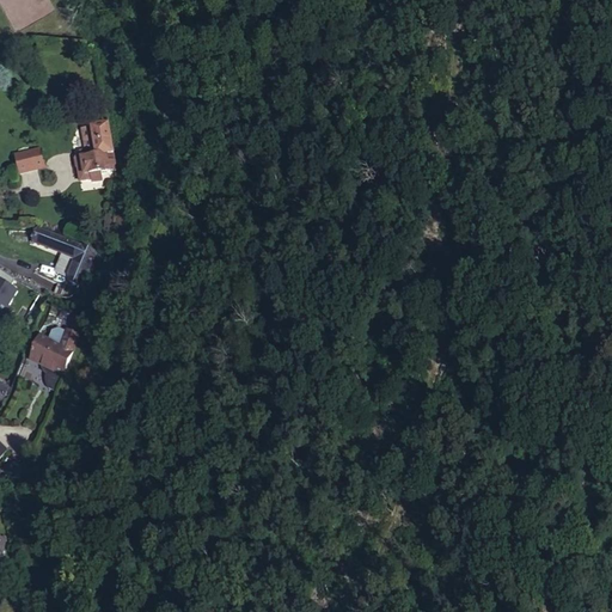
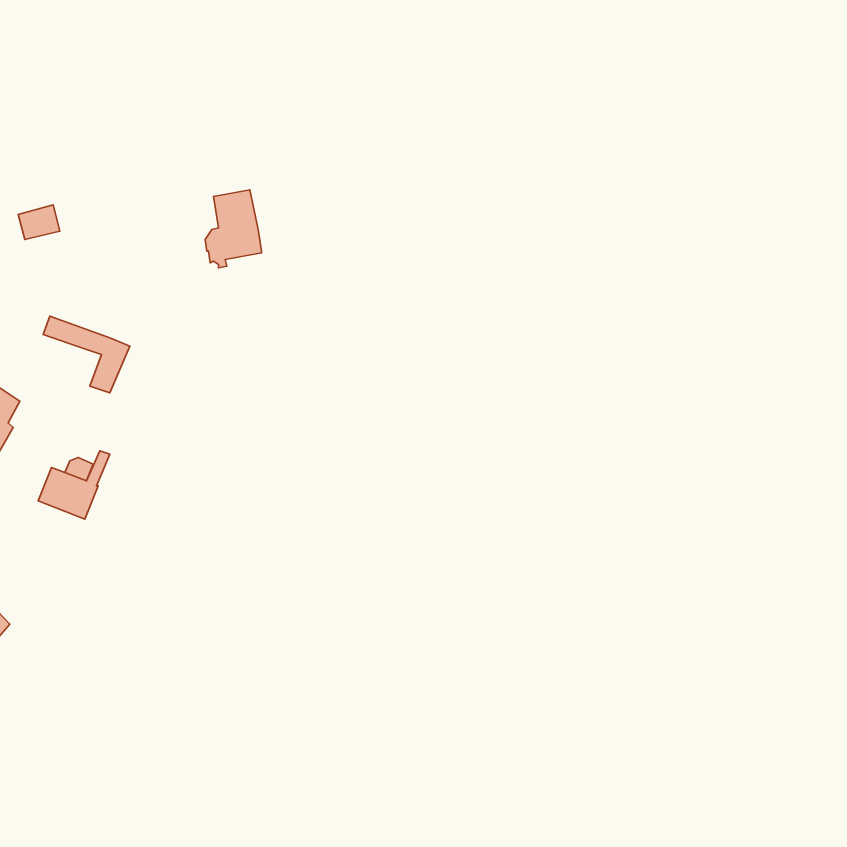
building: [73,121,114,177] -> [205,190,262,268]

